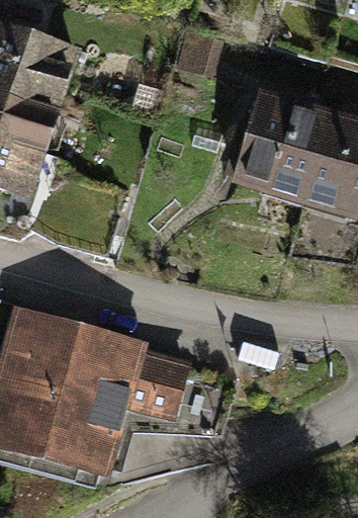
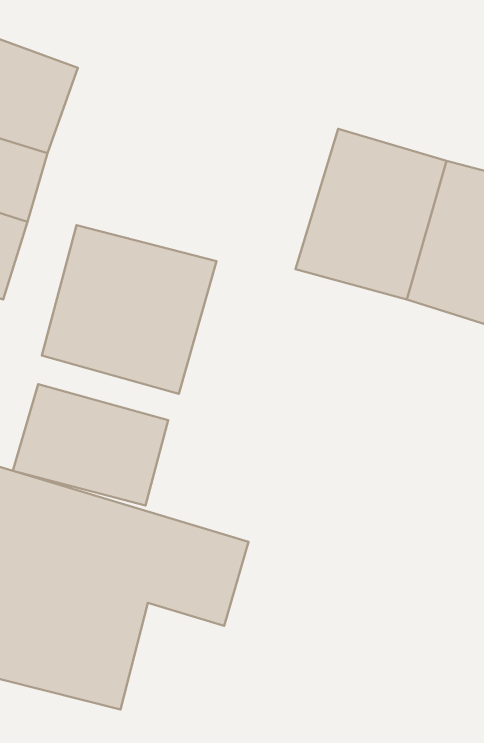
building: none -> [42,225,216,394]
building: none -> [13,384,168,505]

